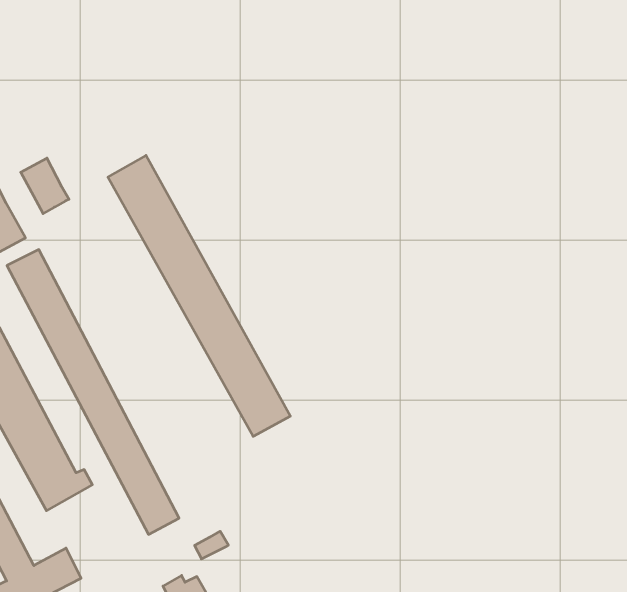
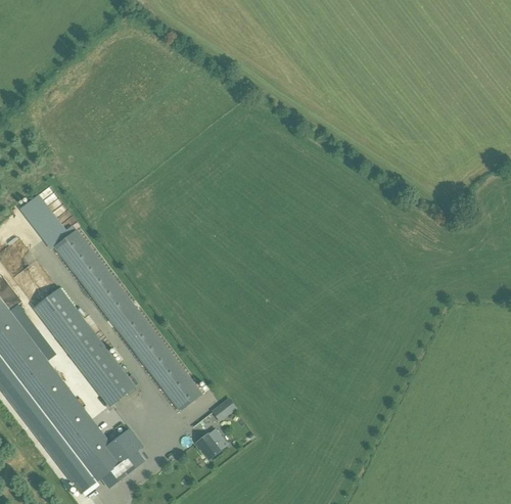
building: [108,155,290,436] -> none
building: [21,158,69,214] -> none

